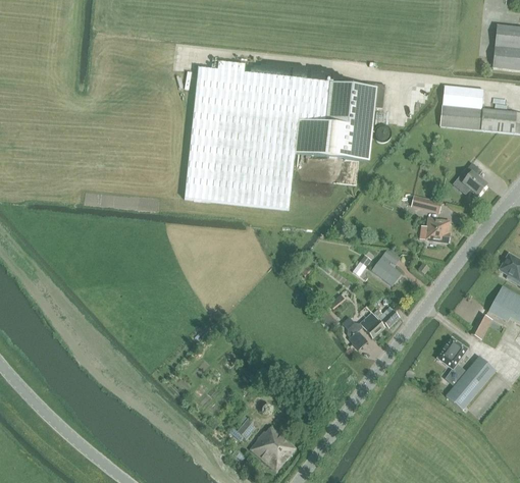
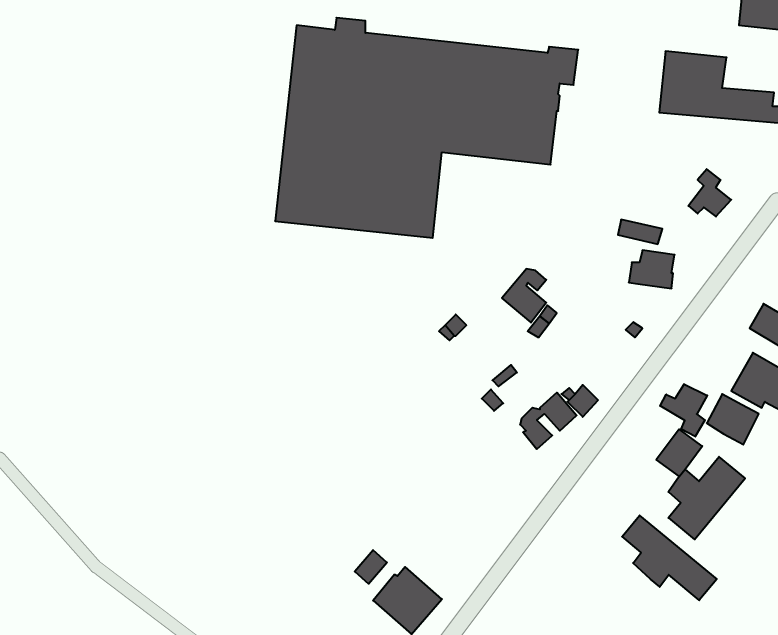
building: [371,252,401,287] -> [502,269,546,323]
building: none -> [660,384,707,437]
building: none -> [622,515,717,600]

